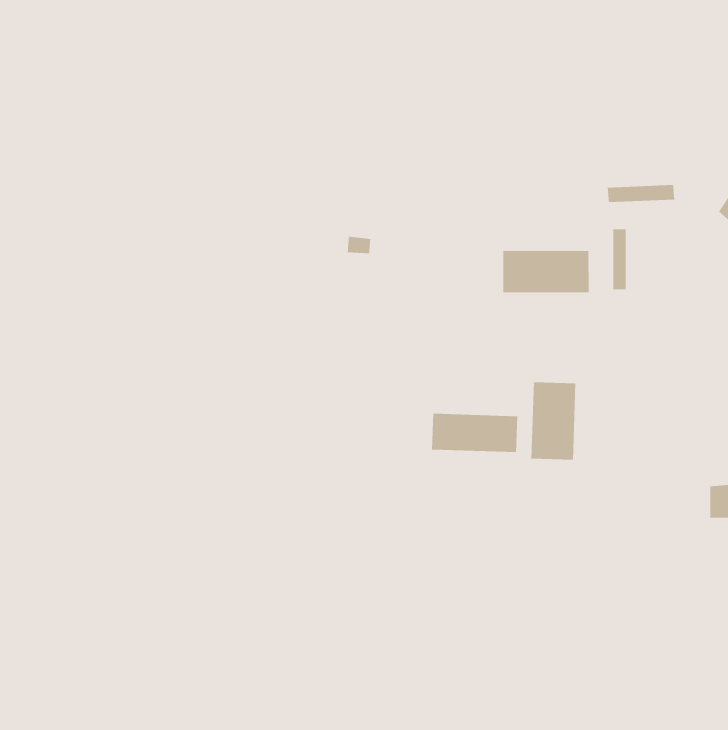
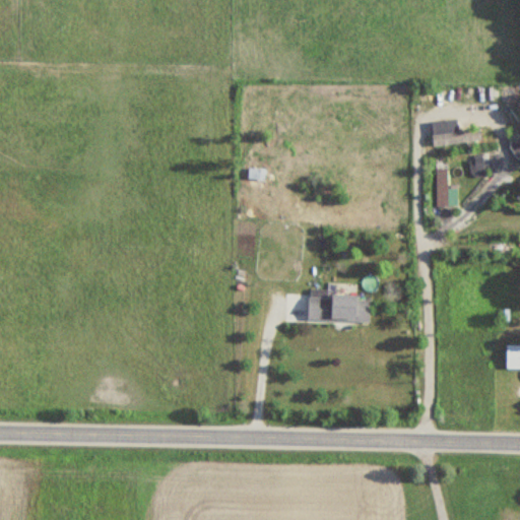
building: [502,250,589,293] -> none
building: [531,382,576,461] -> none

